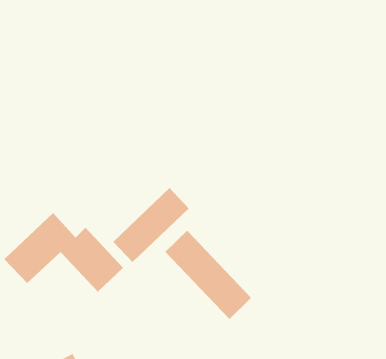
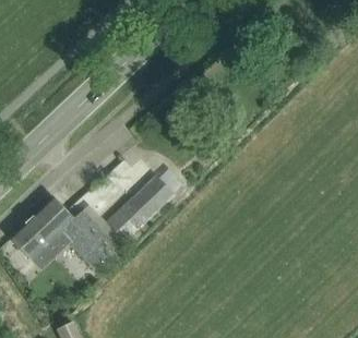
building: [165,230,252,320] -> none

